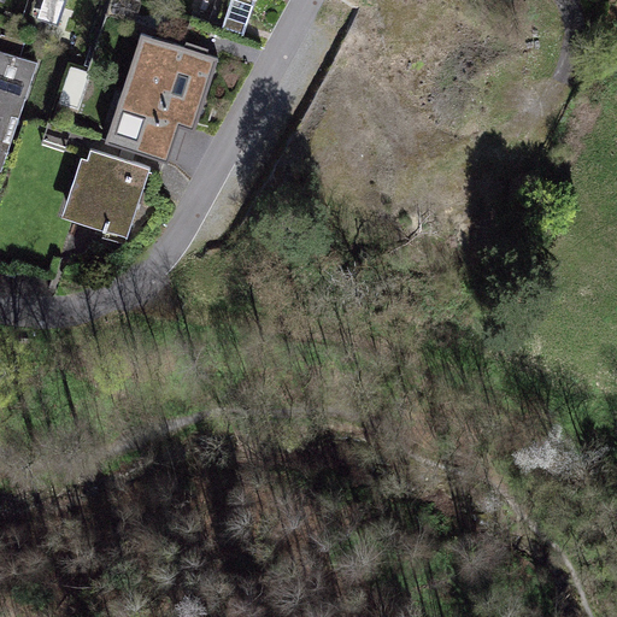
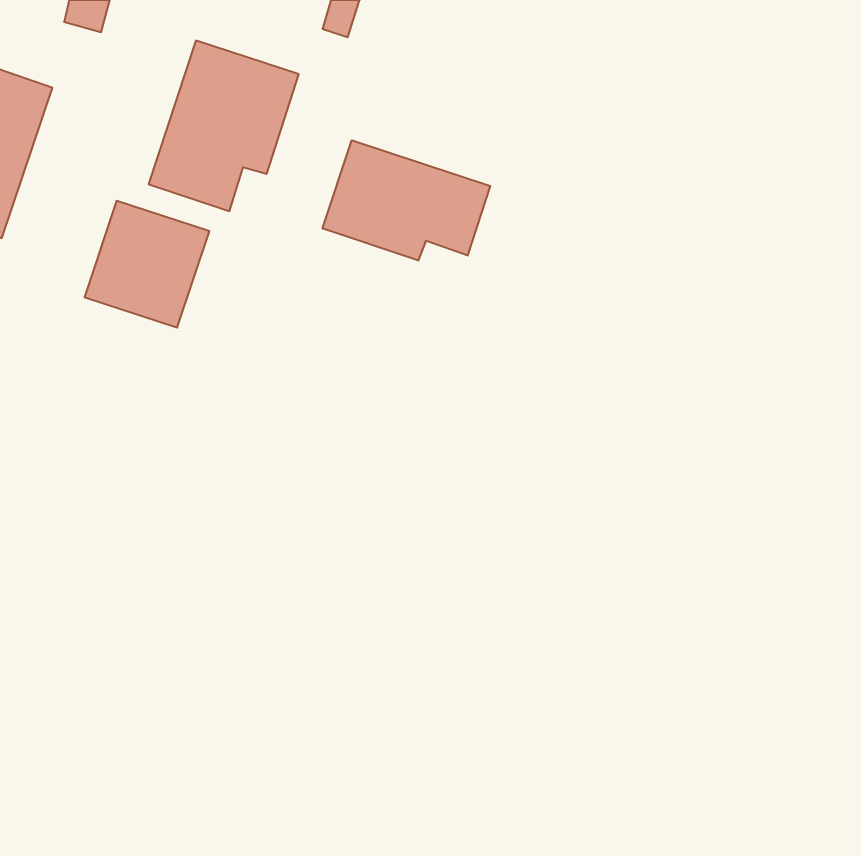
building: none -> [323,140,490,261]

